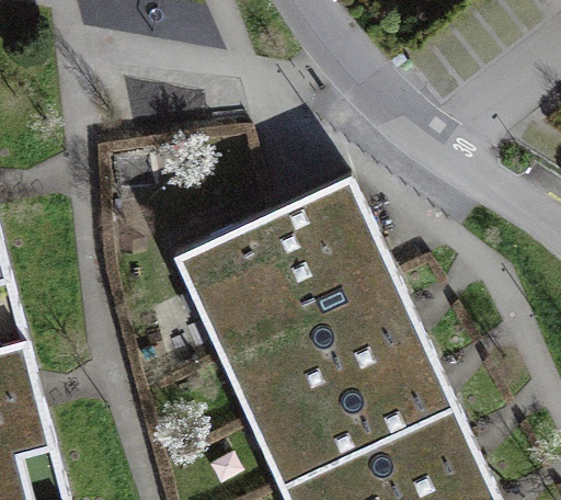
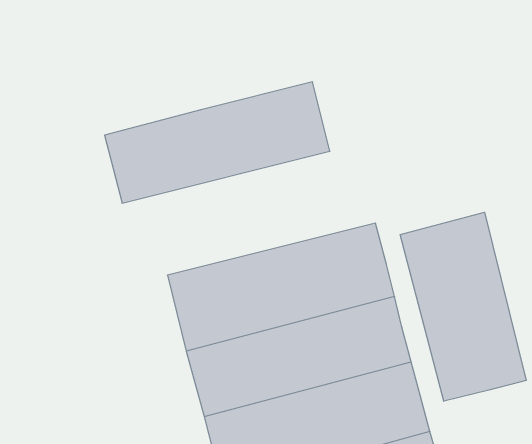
building: [174,179,370,311] -> [105,82,330,203]
building: none -> [400,212,526,401]

